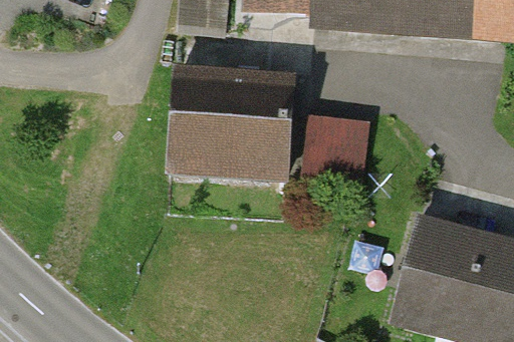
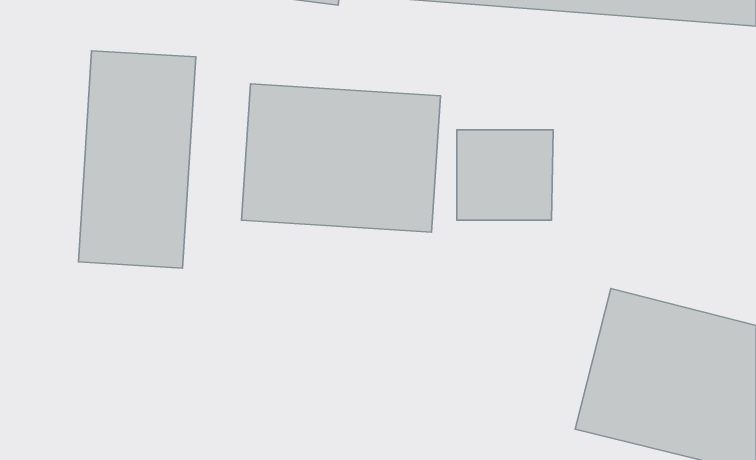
building: none -> [78,51,196,268]

